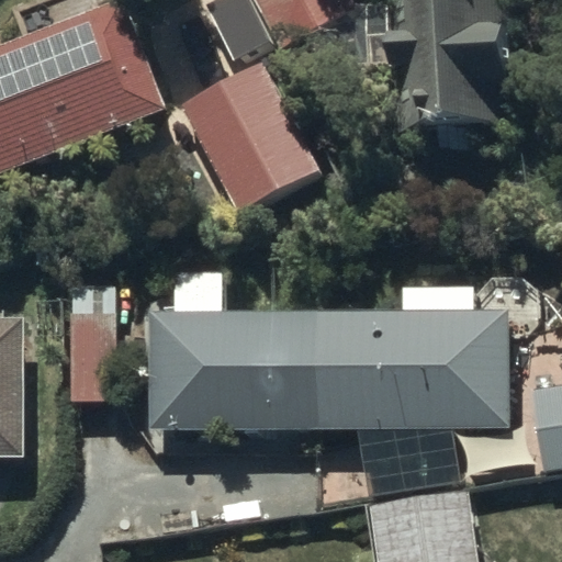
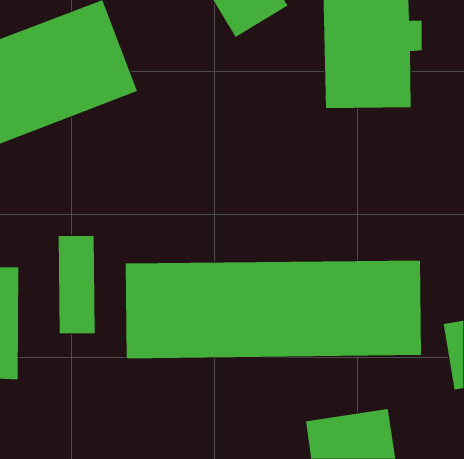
building: [181,58,324,210] -> none

